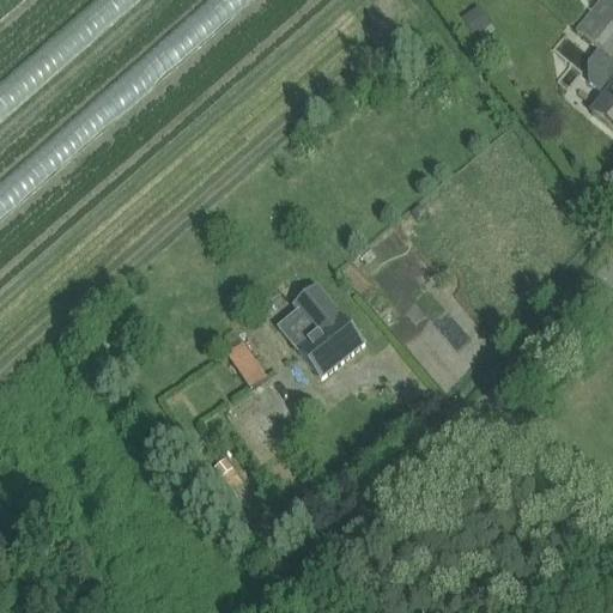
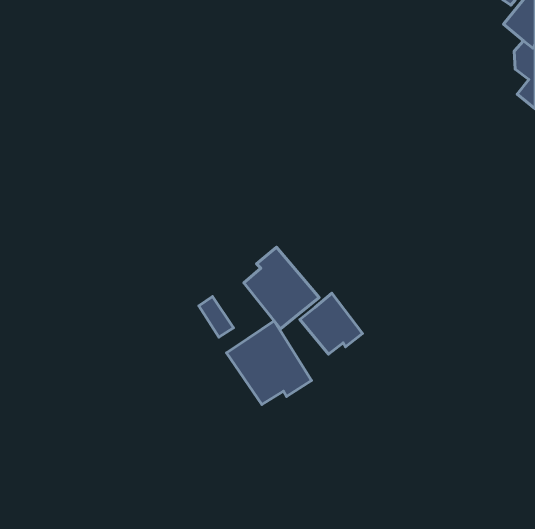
building: none -> [300,293,363,354]
building: none -> [226,321,312,404]

